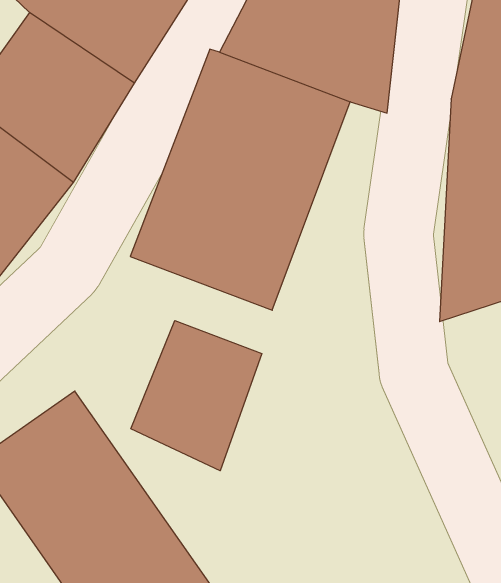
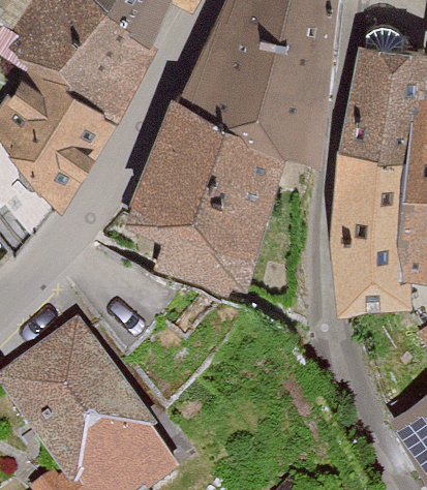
building: [131,321,262,471] -> none

